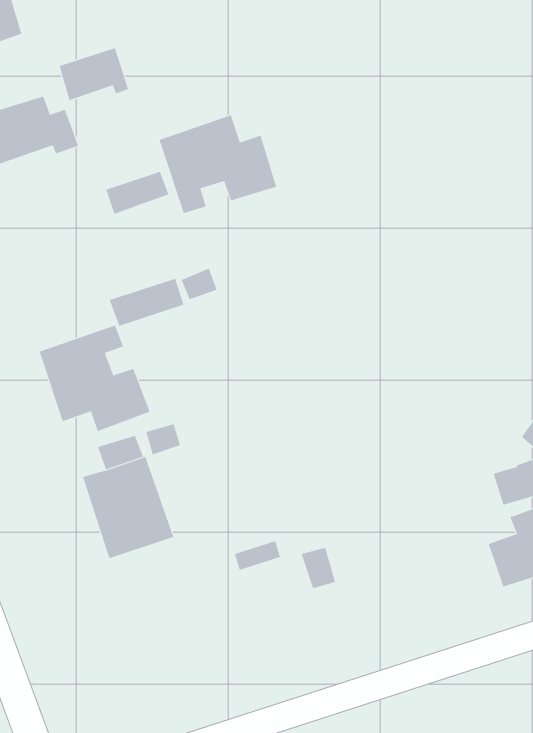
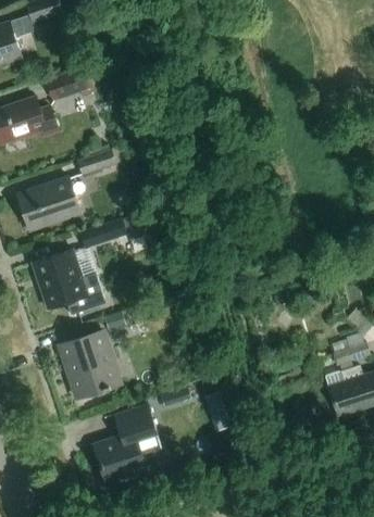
building: [159,114,277,214] -> none
building: none -> [15,174,82,231]
building: none -> [94,404,162,487]

